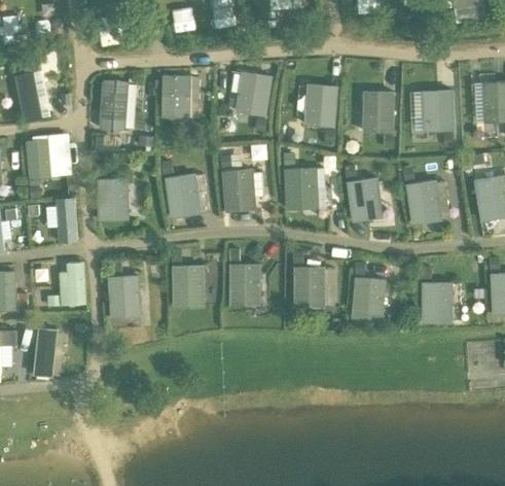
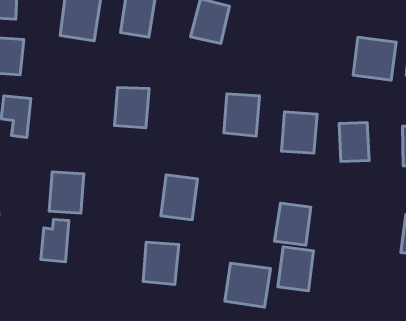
building: [306,83,338,127] -> none
building: [362,91,396,133] -> none
building: [221,169,255,212] -> none
building: [96,178,129,220] -> none
building: [58,262,85,307] -> [41,220,69,262]
building: [171,264,207,308] -> [143,242,179,285]
building: [290,267,334,309] -> [225,263,271,307]
building: [423,281,456,324] -> [278,247,313,291]

